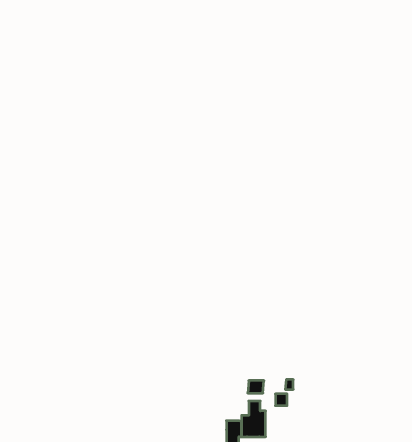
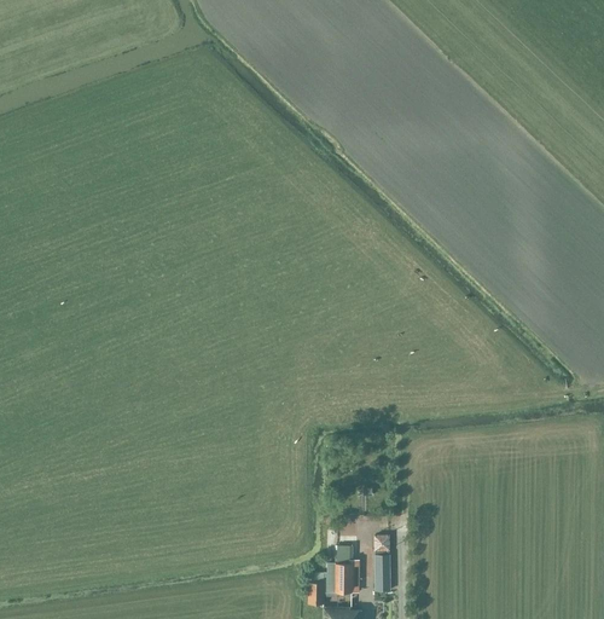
building: none -> [374,556,391,594]

